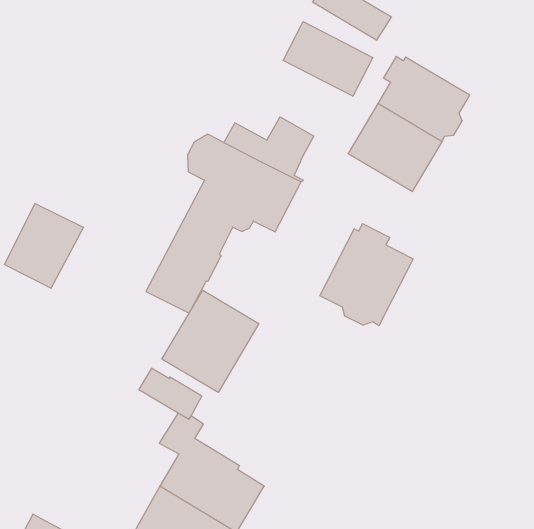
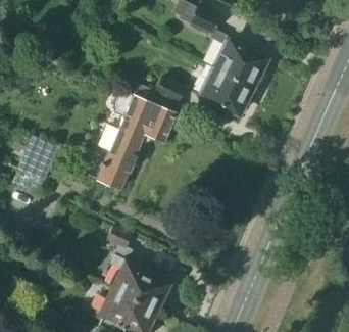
building: [283,22,373,96] -> none
building: [320,224,413,326] -> none
building: [162,290,259,392] -> none

